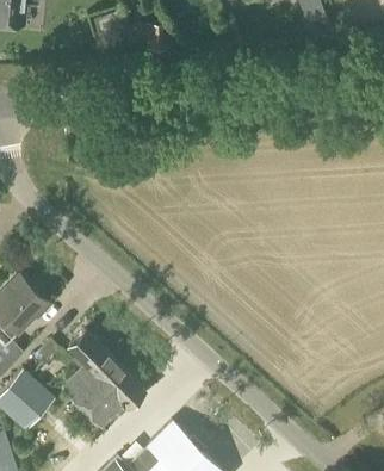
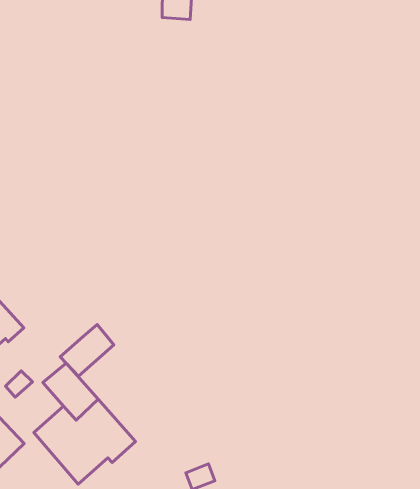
building: none -> [60,324,114,376]

